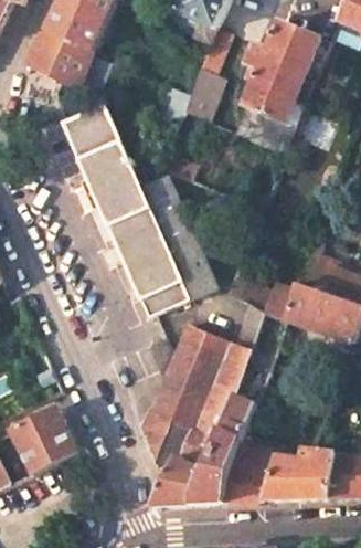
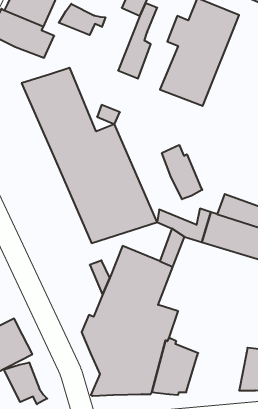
building: none -> [59,4,105,35]
building: none -> [162,145,202,199]
building: [263,447,336,499] -> none
building: none -> [4,362,47,404]

